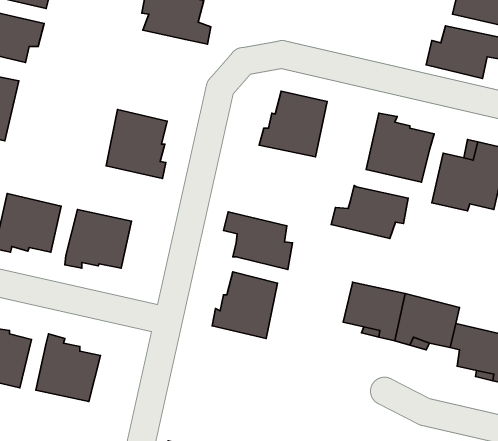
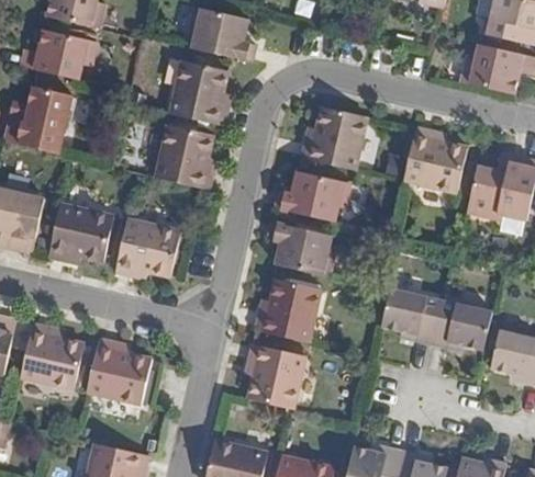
building: none -> [169,60,227,125]
building: [331,186,408,238] -> [275,170,348,220]
building: none -> [248,342,304,408]

